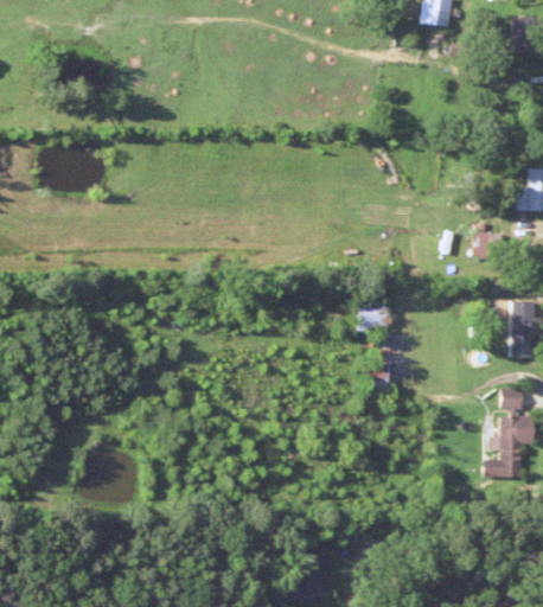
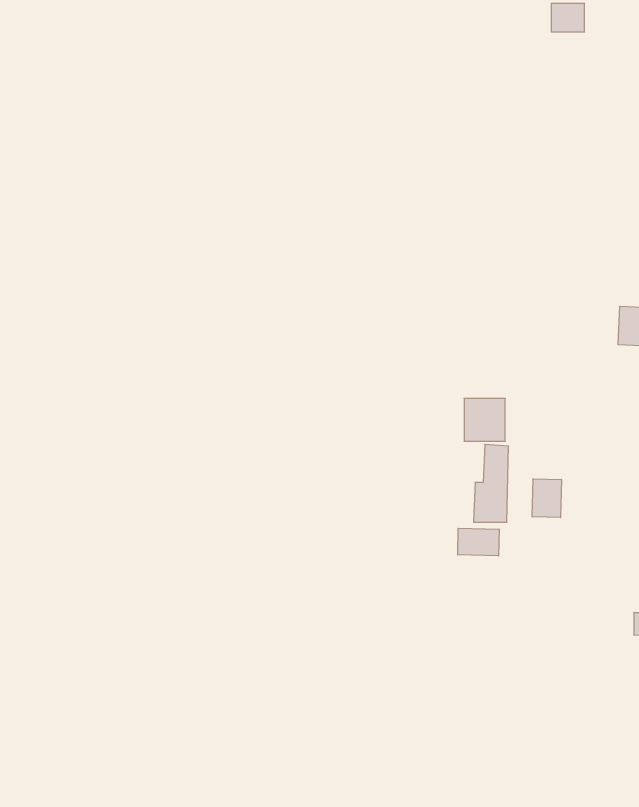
building: none -> [532,479,561,518]
building: none -> [458,528,499,556]

